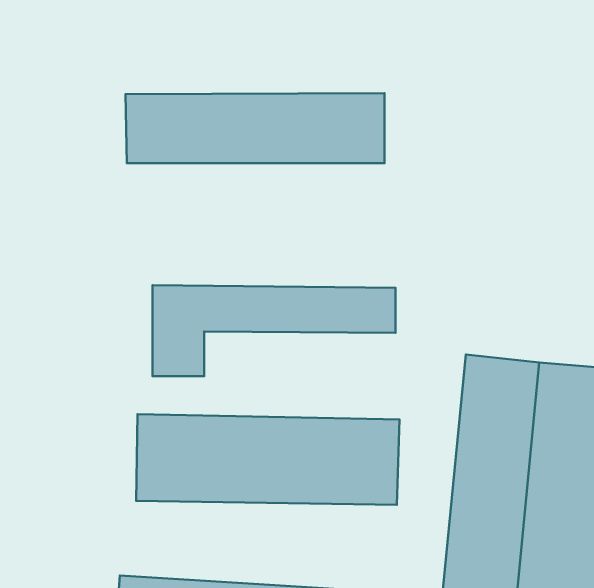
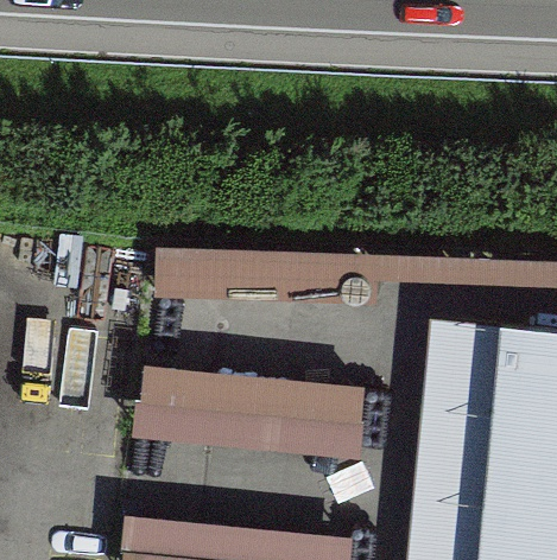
building: [125,93,384,163] -> none

